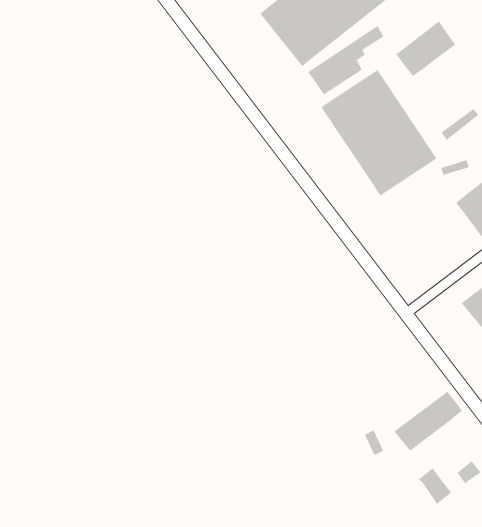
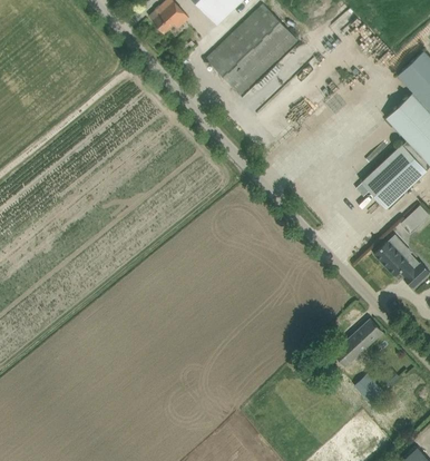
building: [396,21,456,77] -> none
building: [321,69,437,196] -> none

